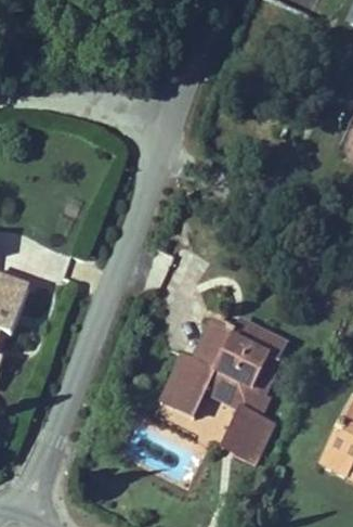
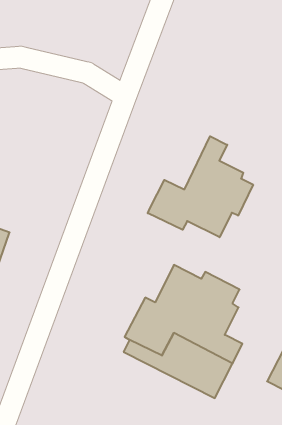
building: none -> [148,136,253,237]

